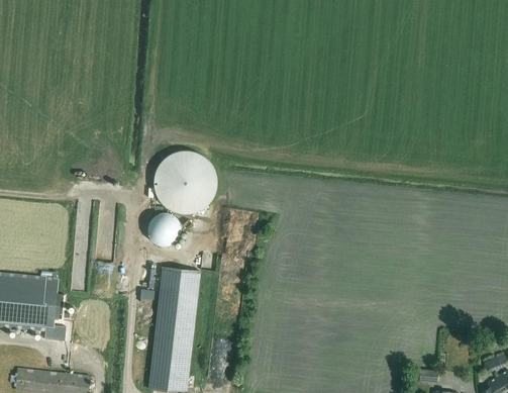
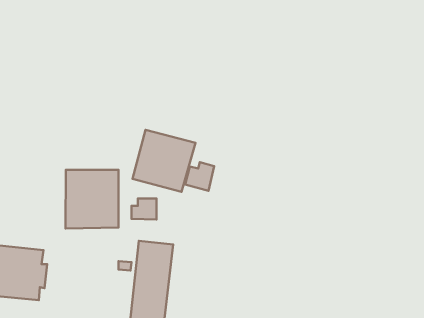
building: none -> [185,162,214,191]
building: none -> [65,170,119,228]

